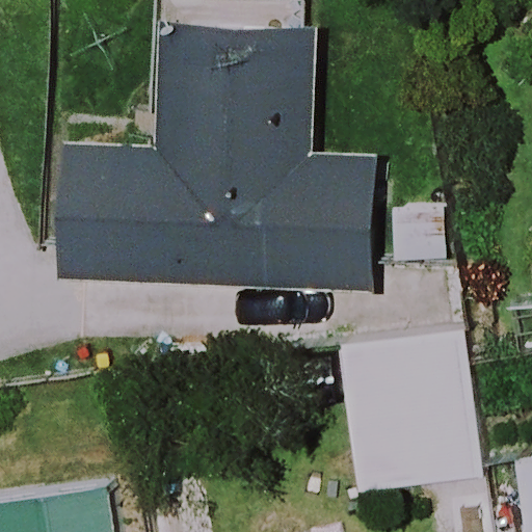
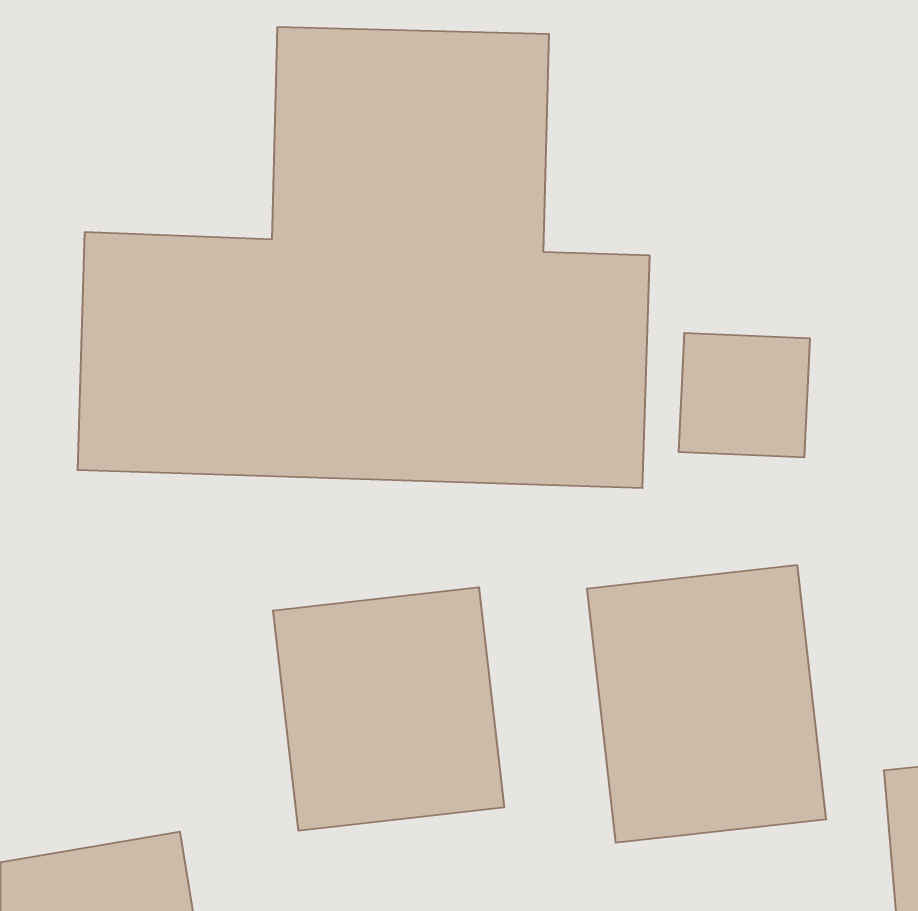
building: none -> [273,587,504,831]

